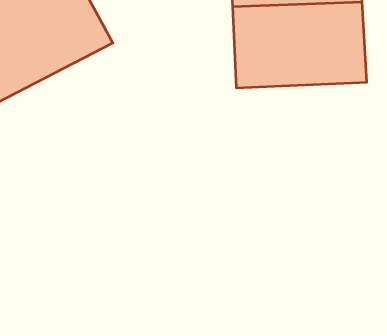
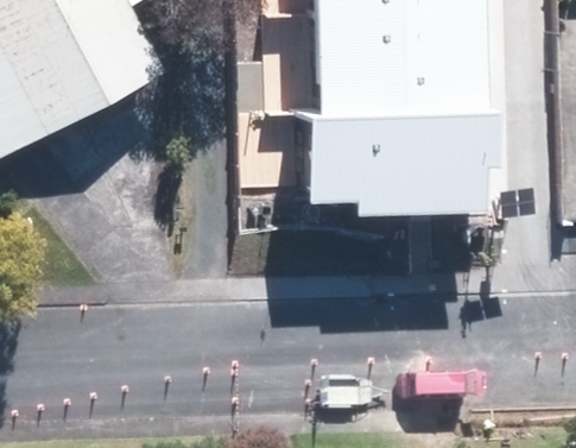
building: none -> [314,114,496,215]

